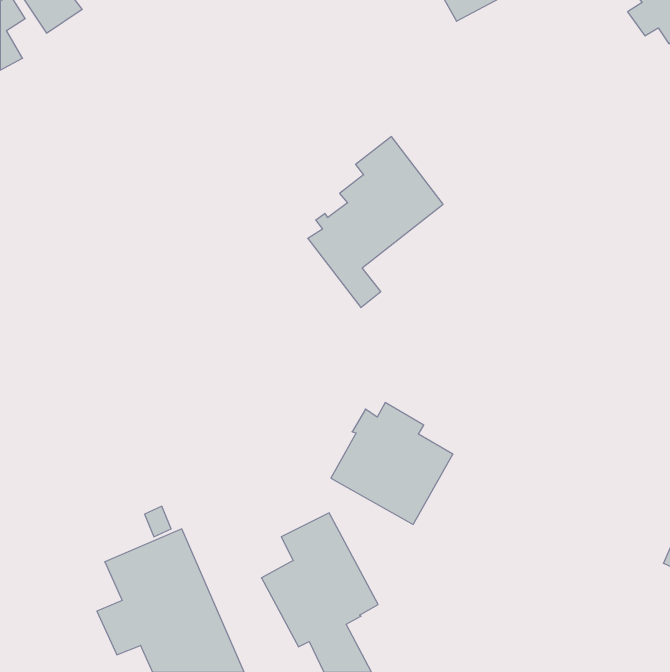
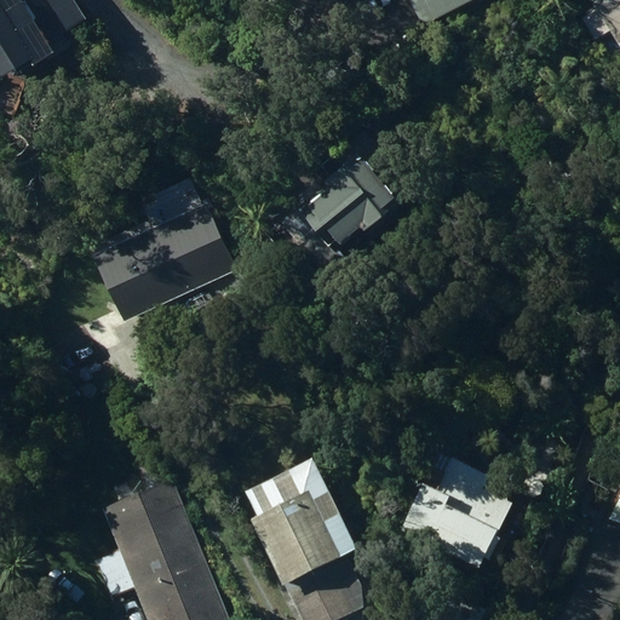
building: none -> [96,200,236,317]
building: [331,403,453,524] -> [396,467,507,579]

